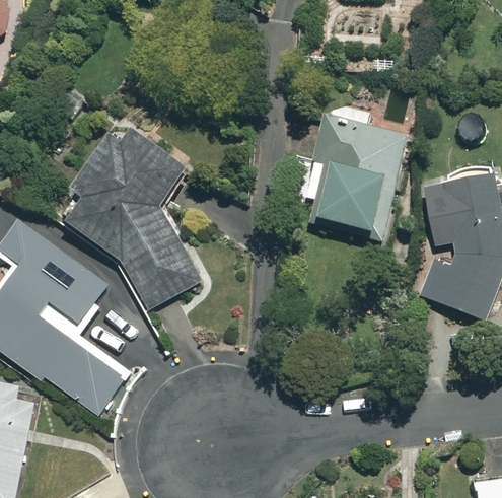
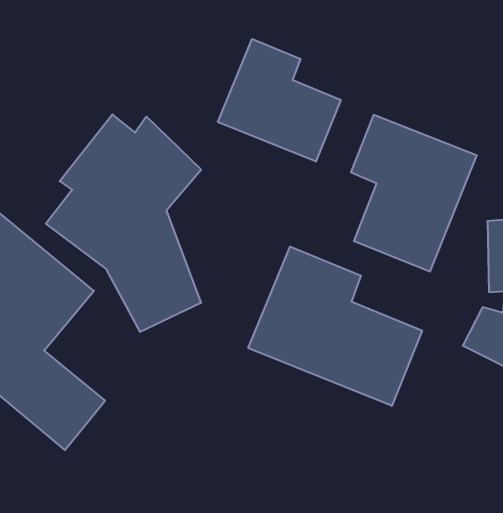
building: none -> [218,39,341,162]
building: none -> [248,247,422,406]

